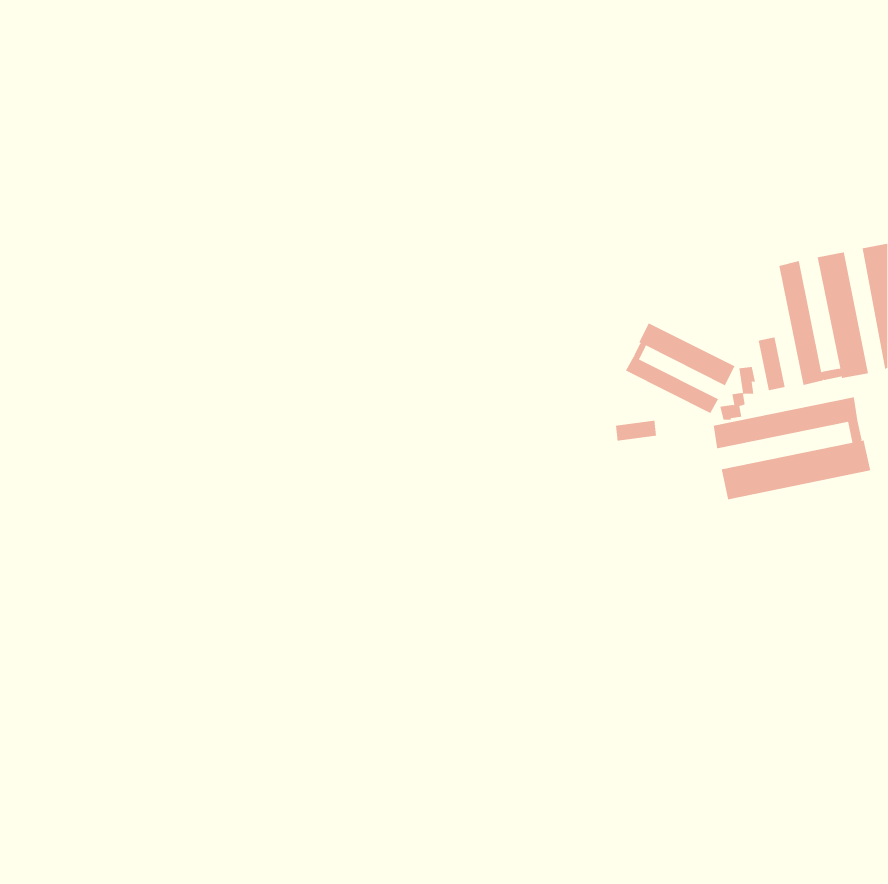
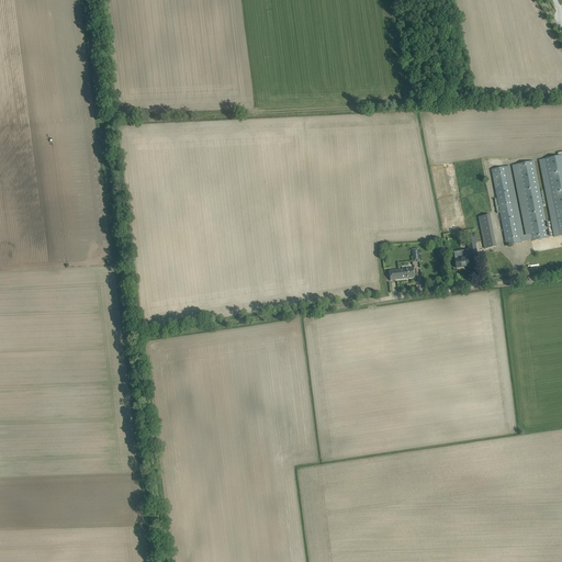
building: [625,323,735,414] -> none
building: [713,396,871,500] -> none

